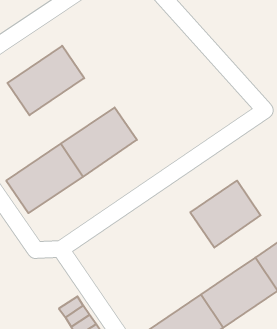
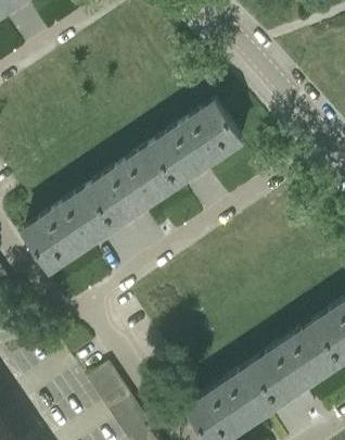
building: [7,46,84,115] -> [149,104,239,186]
building: [190,181,261,248] -> none

